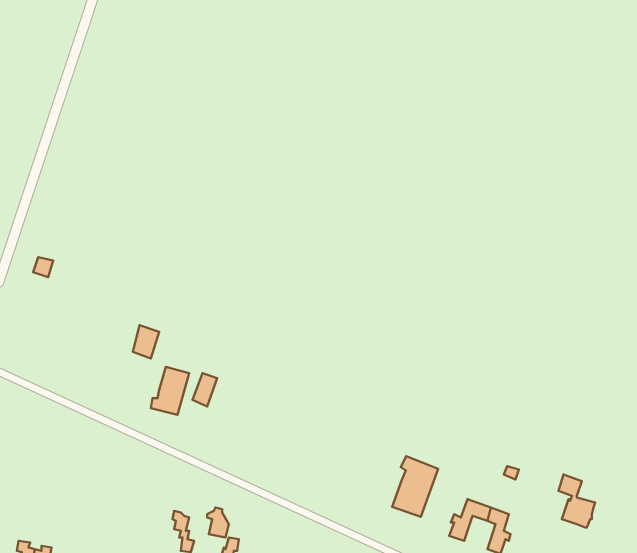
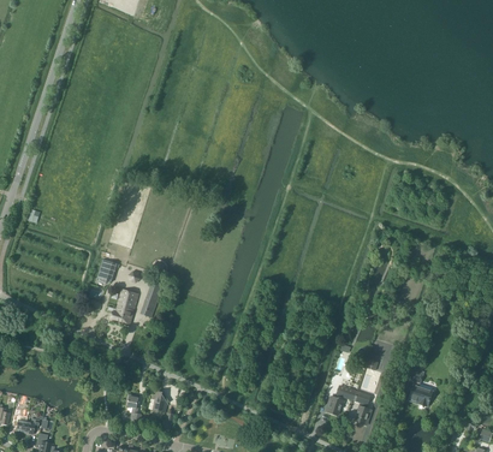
building: [392,456,438,517] -> none

